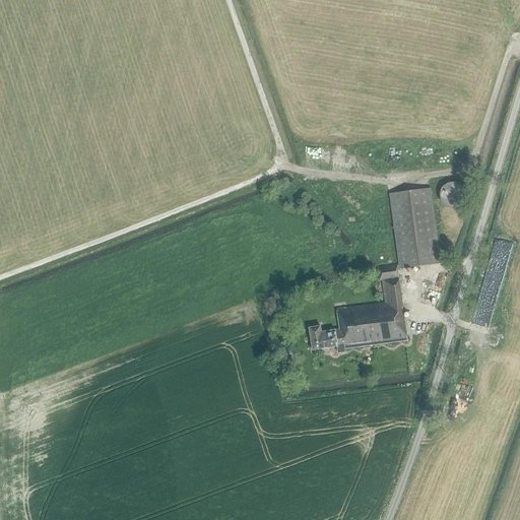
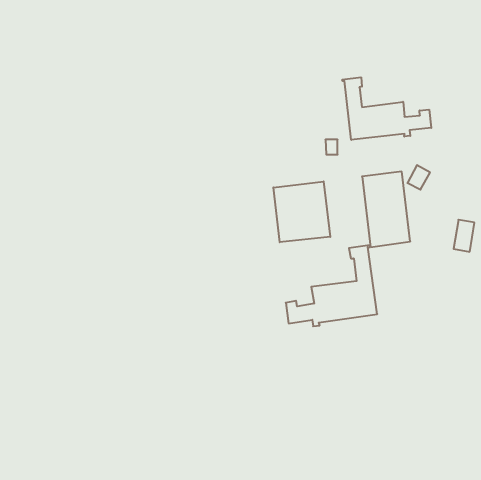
building: none -> [342,77,431,140]
building: none -> [273,181,330,242]

